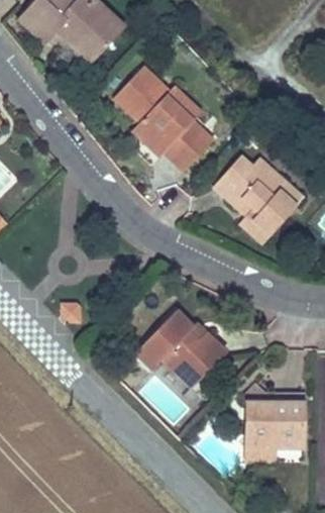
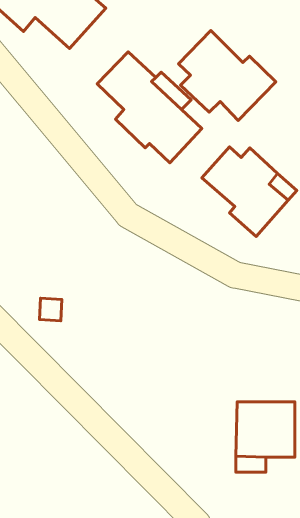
building: none -> [179,30,276,120]
building: [136,310,226,388] -> none

